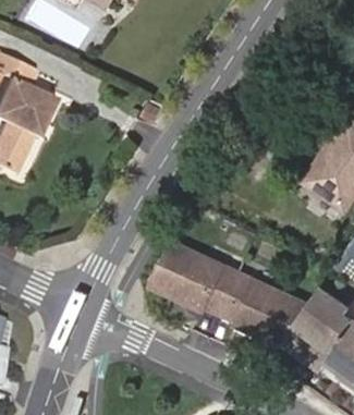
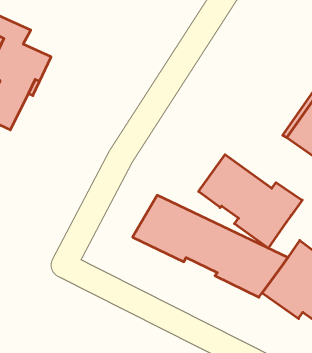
building: none -> [199,155,302,248]

